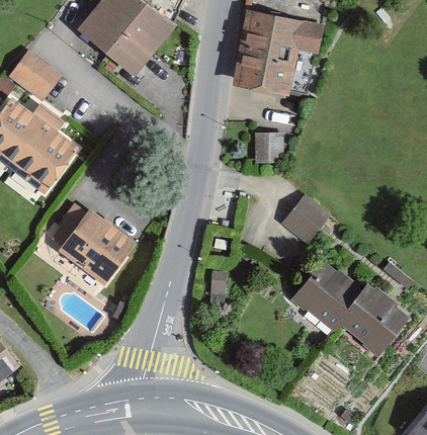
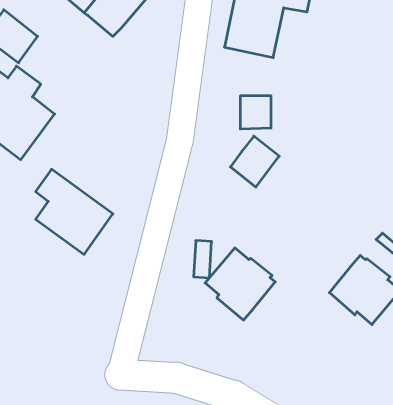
building: [283,195,330,244] -> [230,136,279,187]
building: [294,259,361,328] -> [205,248,275,320]

